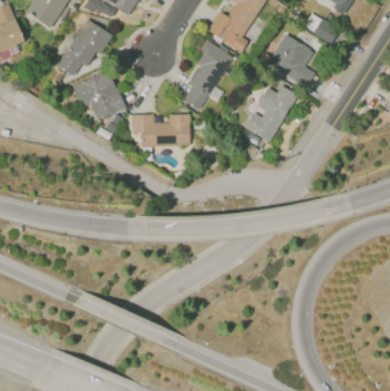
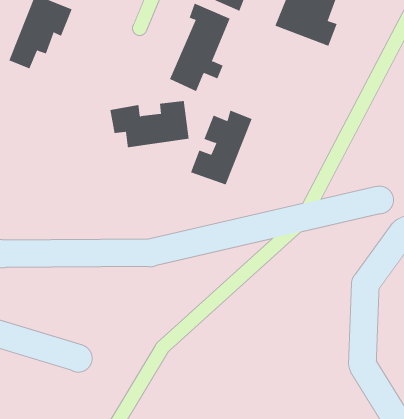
building: [71,69,124,119] -> none
building: [244,84,297,142] -> [190,110,253,185]

